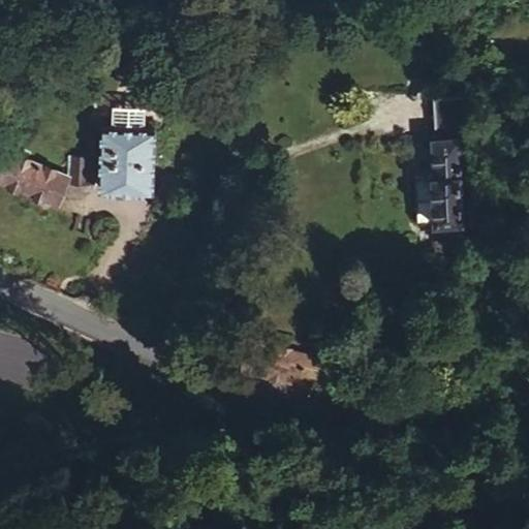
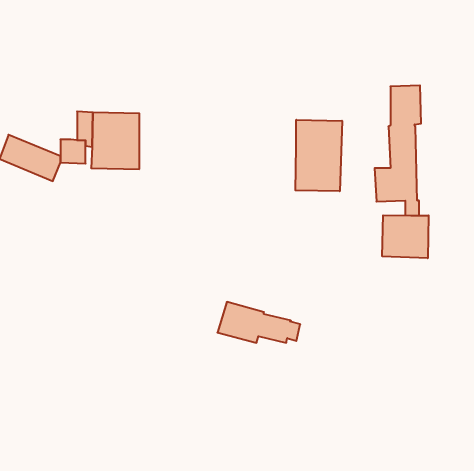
building: none -> [295,120,342,191]
building: none -> [382,215,429,258]

